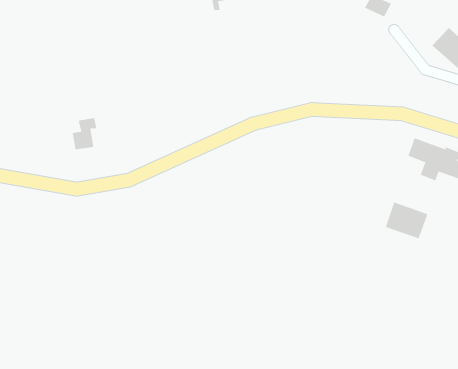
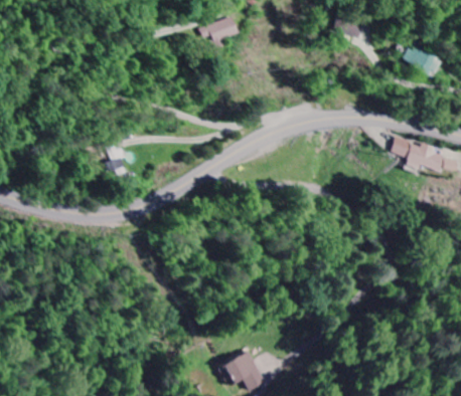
building: [385,201,428,239] -> none

